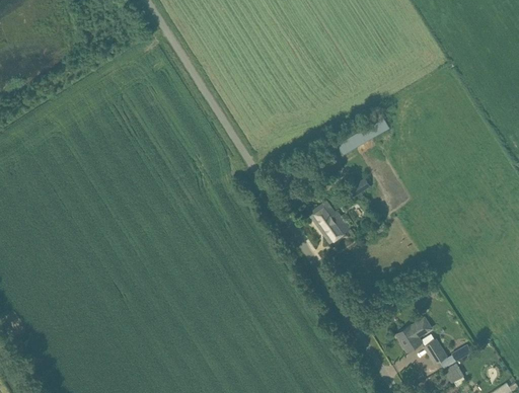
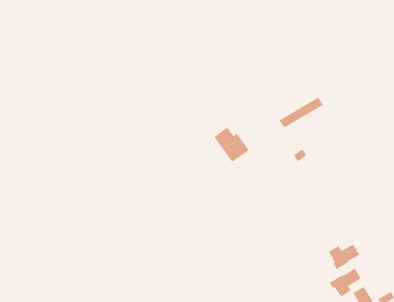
building: [308,202,350,243] -> [214,127,249,162]
building: none -> [327,244,360,270]

